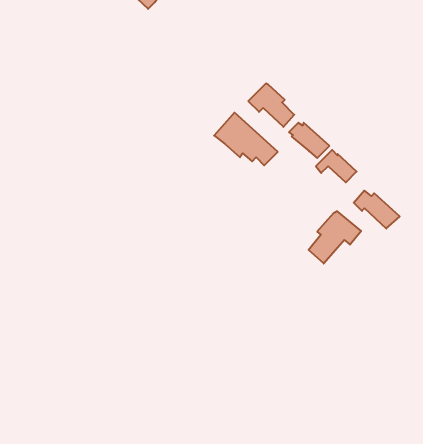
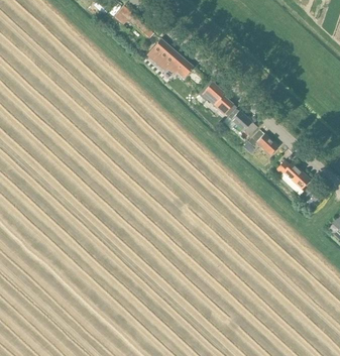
building: [214,113,278,165] -> [146,38,194,78]
building: [309,211,361,264] -> none

